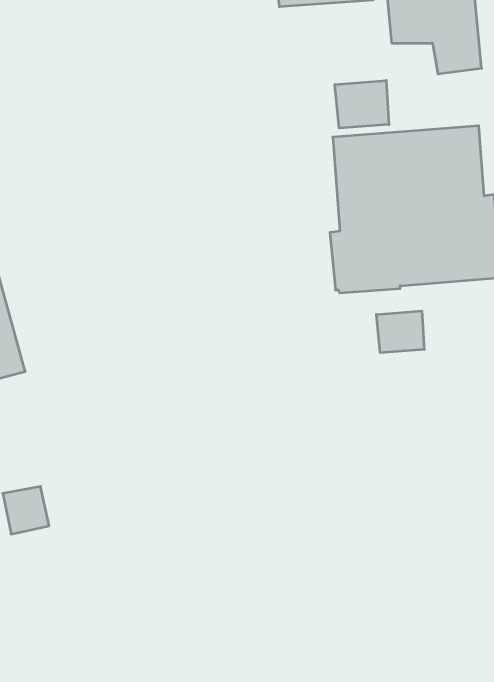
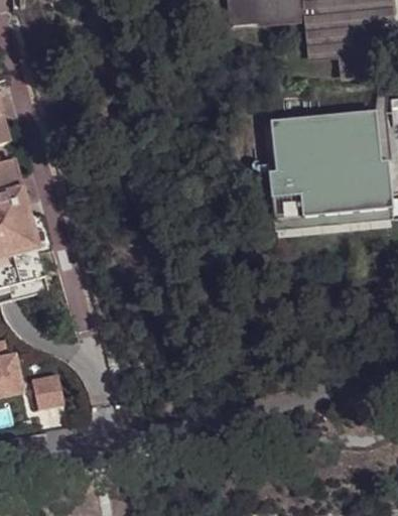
building: [335,80,389,128] -> none
building: [376,311,424,353] -> none

